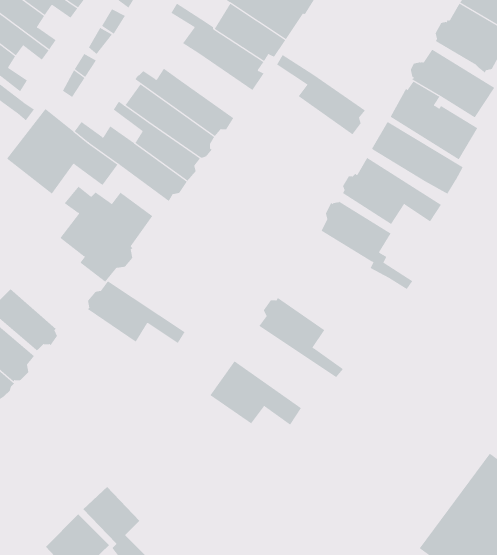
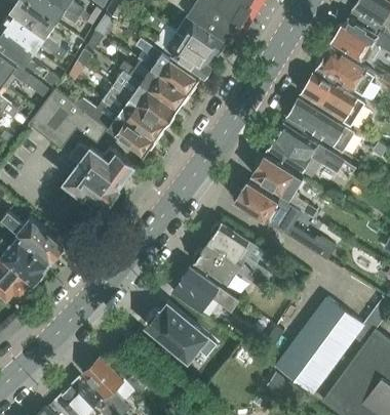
building: [276,54,366,135] -> [137,38,200,95]
building: none -> [234,180,336,259]
building: [87,280,185,344] -> [194,243,264,288]
building: none -> [276,297,364,392]
building: none -> [155,302,216,359]

